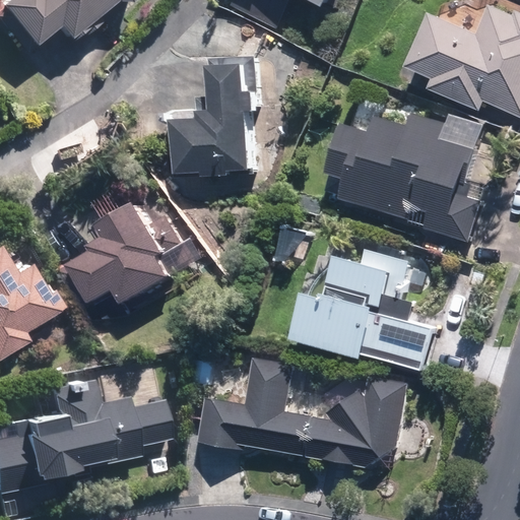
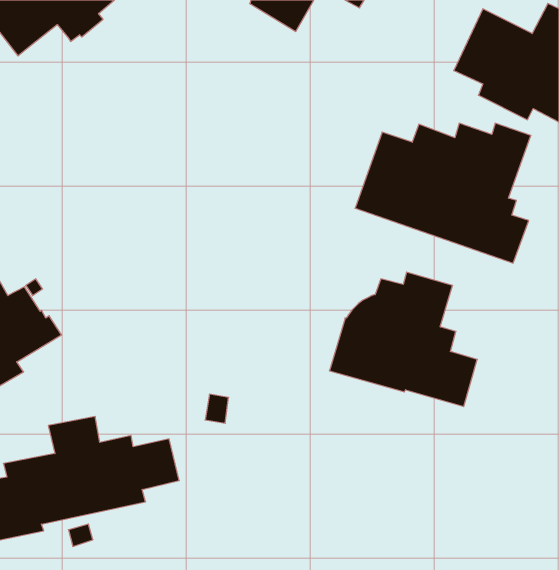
building: [174,57,263,177] -> none
building: [56,201,180,313] -> none
building: [195,356,405,468] -> none

